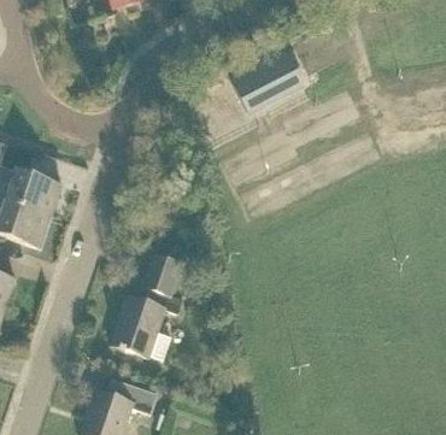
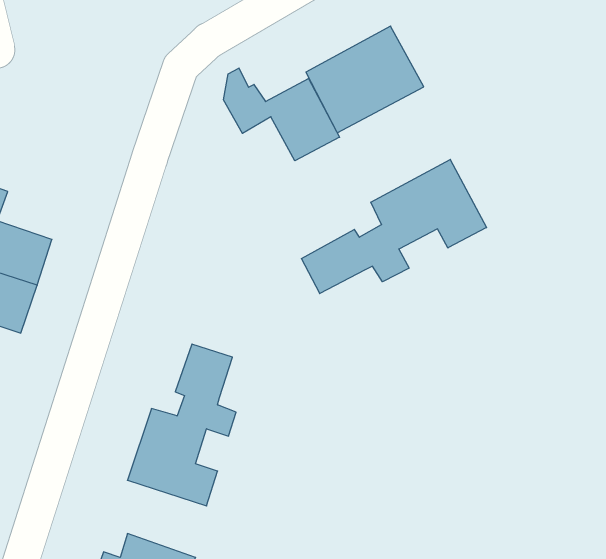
building: none -> [223,68,340,161]
building: none -> [301,159,487,294]

